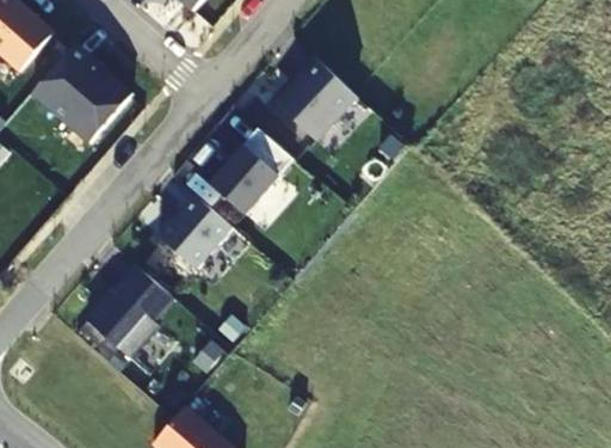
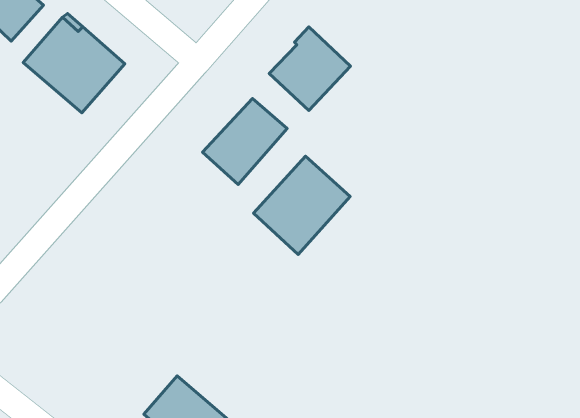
building: none -> [253,156,350,254]
building: [158,194,233,269] -> none
building: [85,264,173,357] -> none

